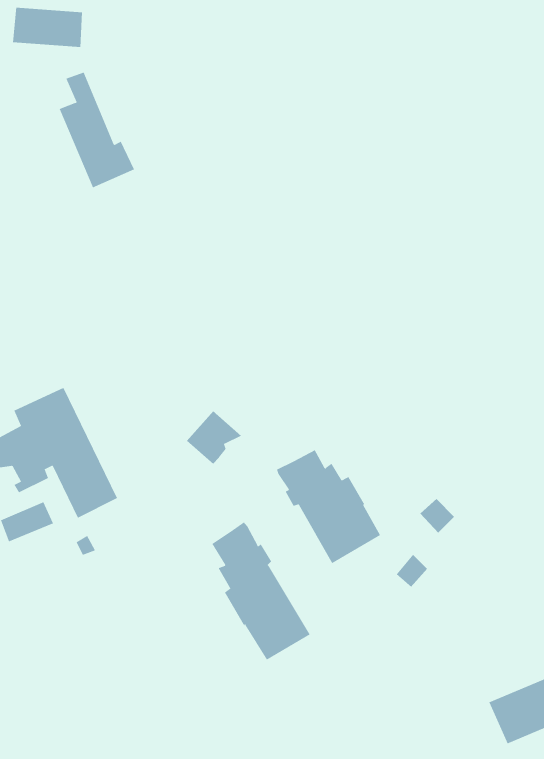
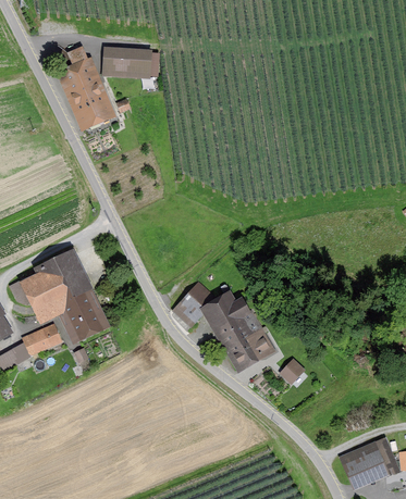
building: [12,7,83,48] -> [103,50,149,76]
building: [186,410,242,464] -> [180,284,216,319]
building: [211,521,310,661] -> none

